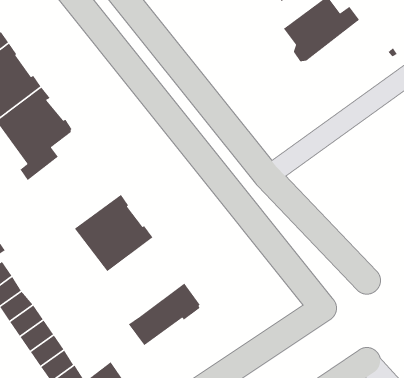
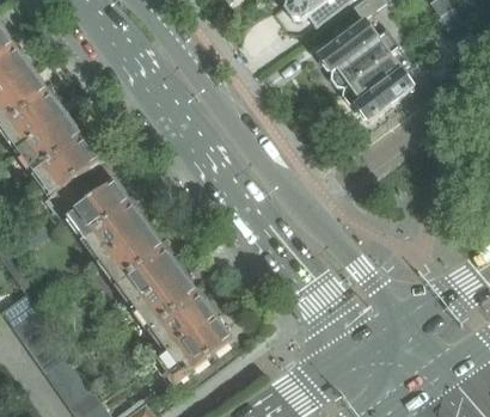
building: none -> [338,47,410,119]
building: none -> [51,180,148,260]
building: none -> [134,270,214,351]

